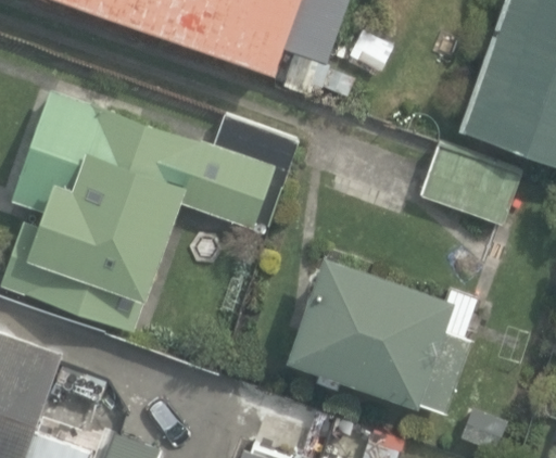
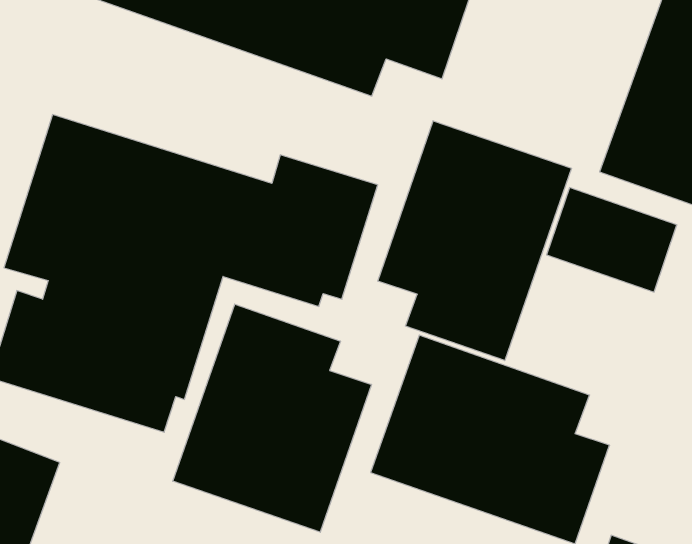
building: none -> [378,121,571,361]
building: none -> [173,304,371,532]

